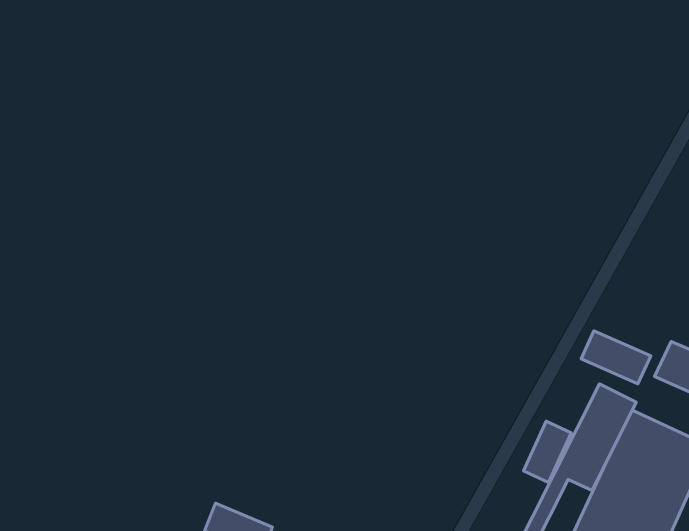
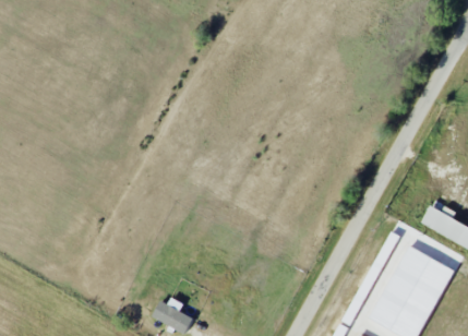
building: [581,331,651,384] -> none
building: [524,421,571,483] -> none

